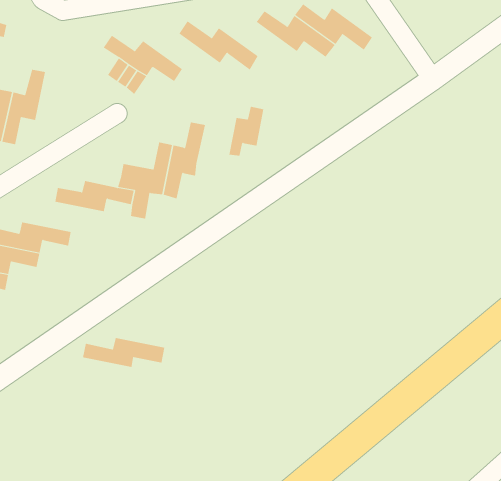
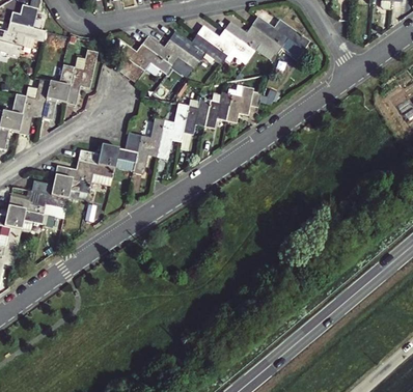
building: none -> [198,25,255,60]
building: none -> [143,34,199,69]
building: none -> [65,50,97,105]
building: none -> [226,85,261,122]
building: none -> [183,97,211,135]
building: [82,338,165,368] -> [55,161,115,183]

